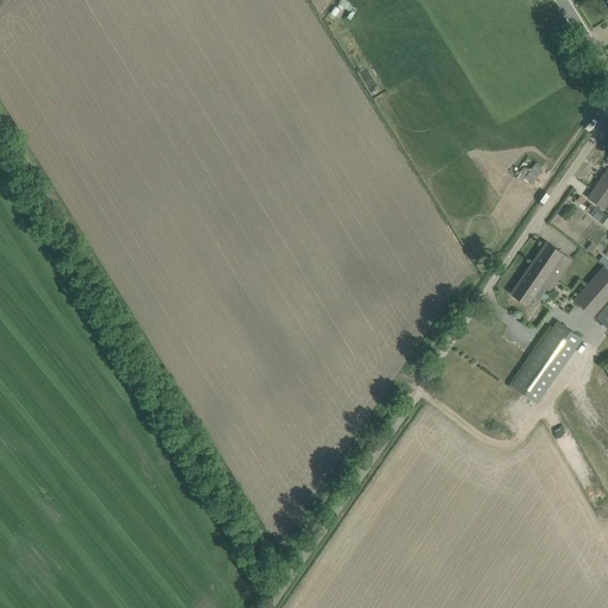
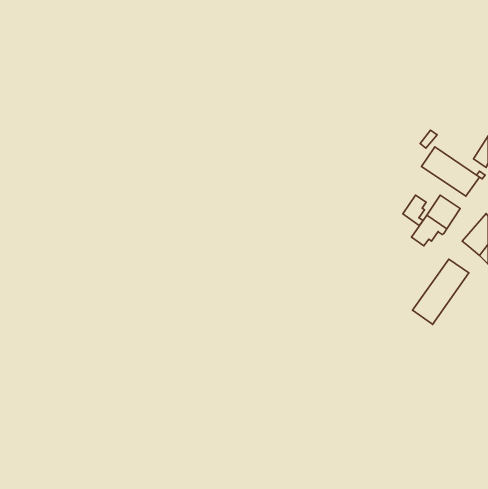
building: none -> [421,147,479,196]
building: none -> [403,195,426,226]

